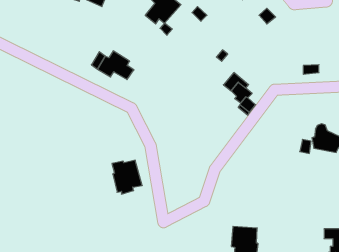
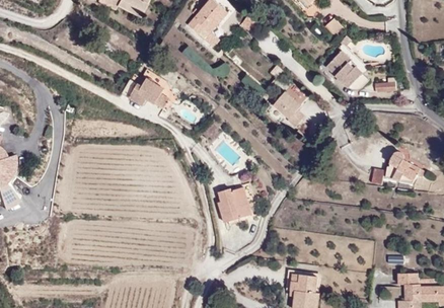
building: none -> [326,50,369,91]
building: [112,160,142,194] -> [216,186,251,226]

